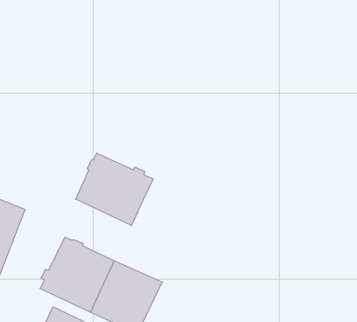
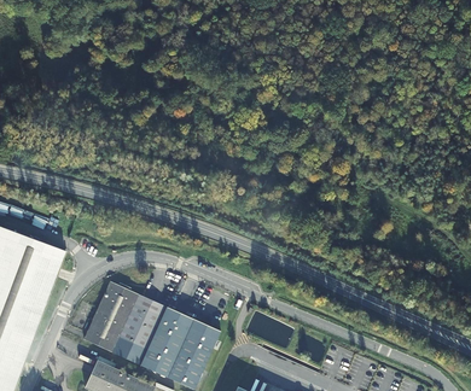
building: [76,153,153,226] -> none

